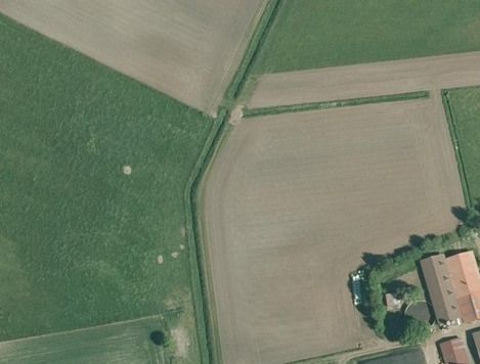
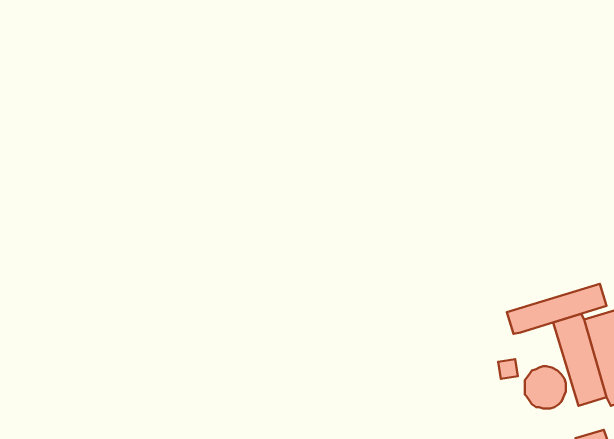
building: none -> [507,284,606,334]

